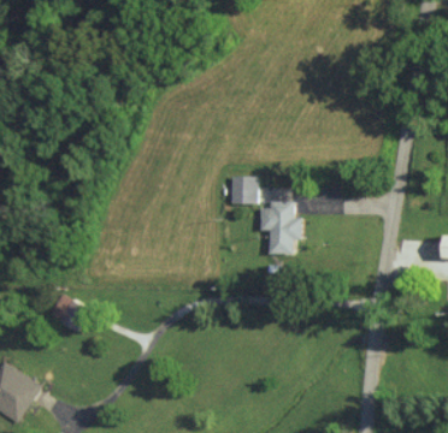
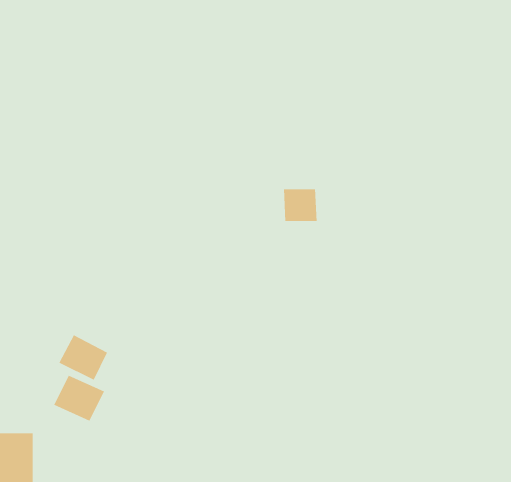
building: [260,200,301,254] -> none
building: none -> [53,375,105,421]

